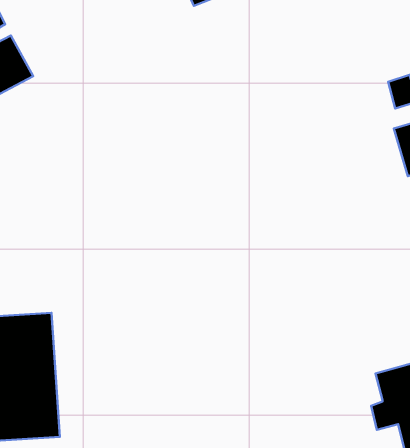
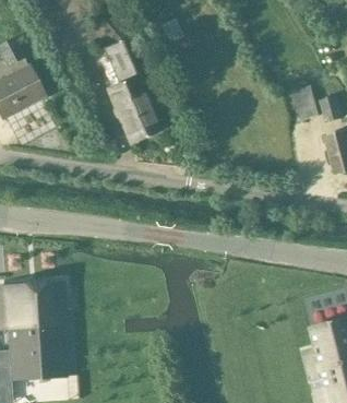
building: none -> [105,45,159,141]
building: none -> [288,86,316,118]

